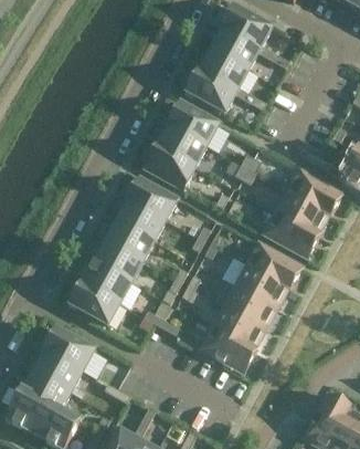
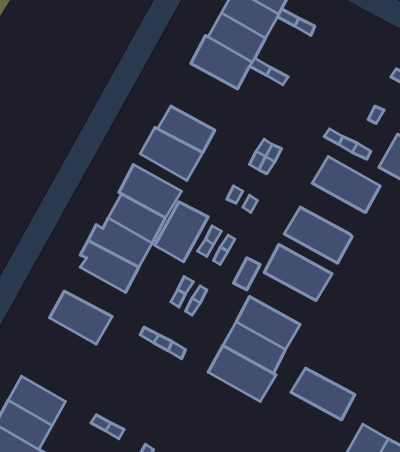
building: [166,103,216,147] -> none
building: [275,191,327,233] -> none
building: none -> [155,202,208,262]
building: [82,261,130,302] -> none
building: [233,265,286,309] -> [291,368,355,420]
building: [41,328,93,373] -> none

